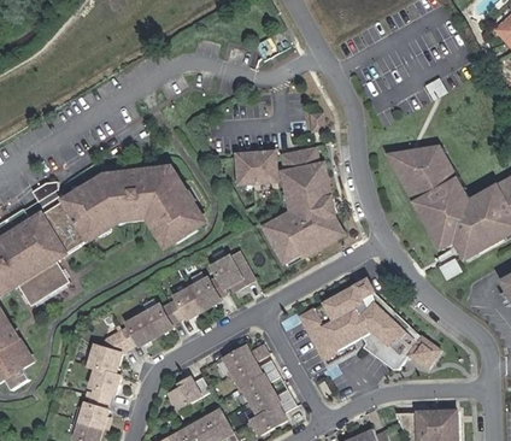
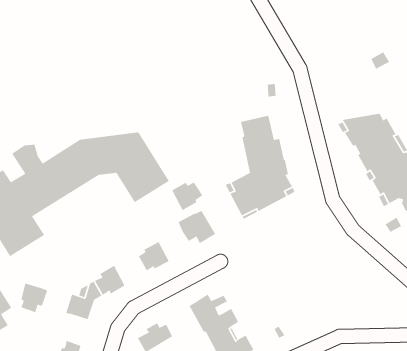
building: [235,153,274,183] -> none
building: [192,277,227,310] -> [171,181,203,211]
building: [299,280,439,370] -> none
building: [143,304,178,336] -> none
building: [90,368,121,401] -> [20,282,48,313]

